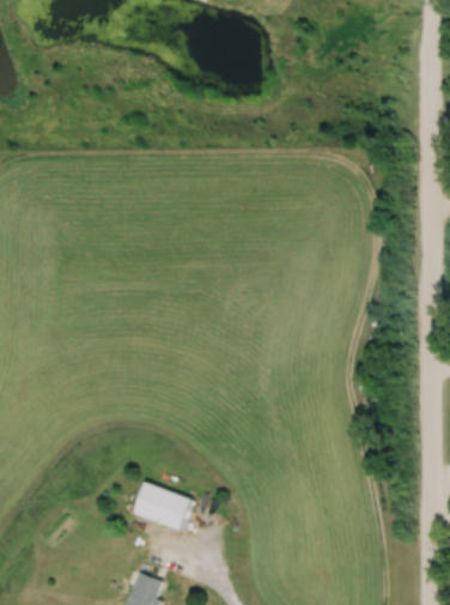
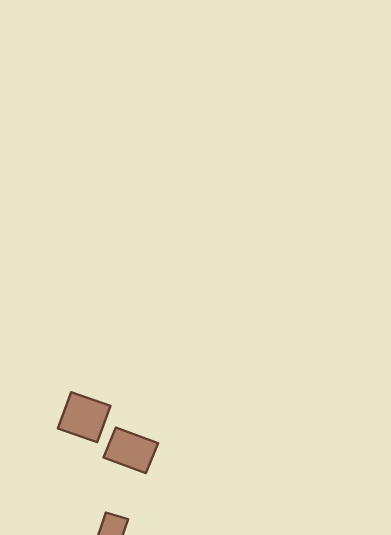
building: none -> [58,392,111,442]

